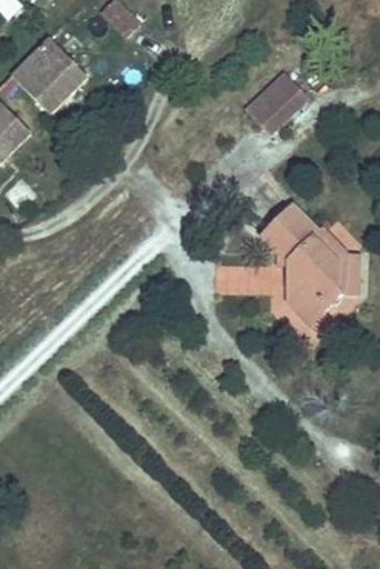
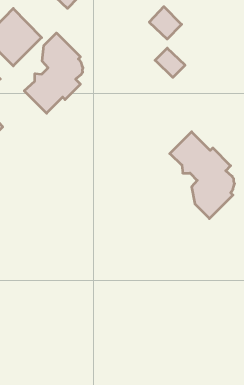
building: [259,69,303,113] -> [149,7,182,39]
building: none -> [24,33,83,113]

